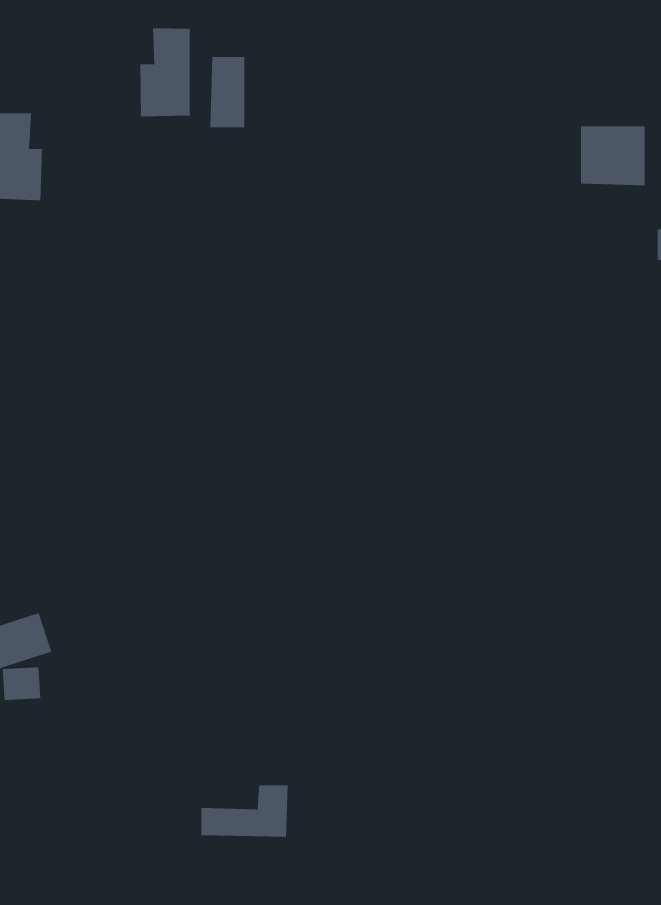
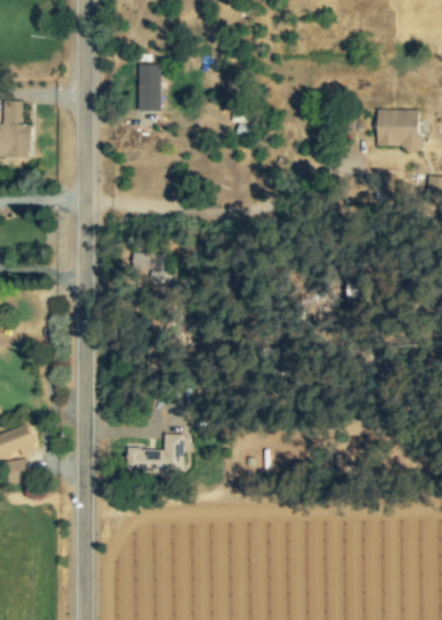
building: [140,27,190,117] -> none
building: [201,785,289,837] -> [127,434,184,467]

